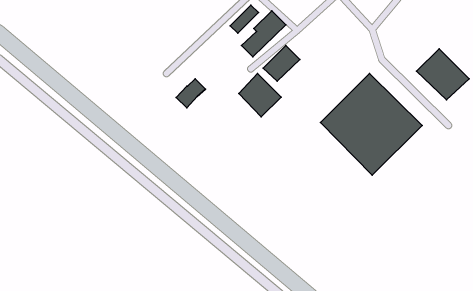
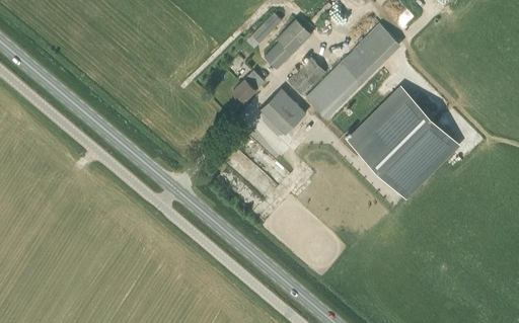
building: none -> [304,23,399,119]
building: [417,49,469,100] -> none
building: [176,79,205,108] -> [232,71,264,102]

